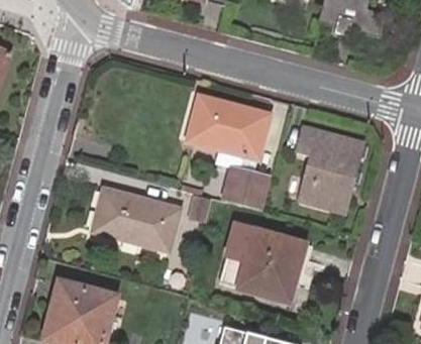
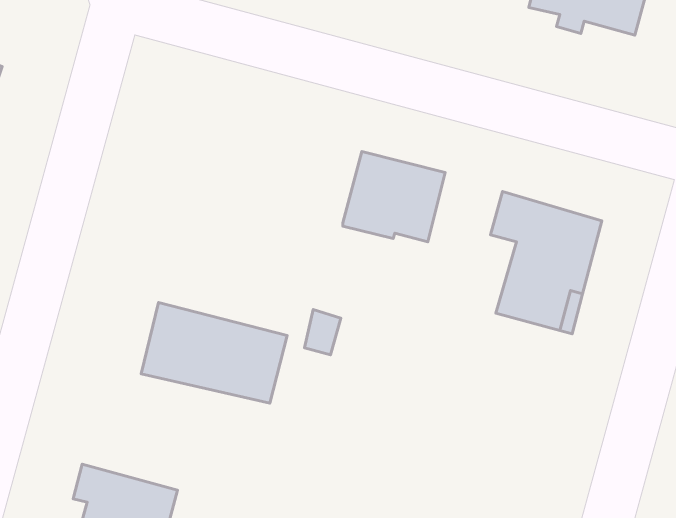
building: [189,96,222,143] -> none
building: [225,168,271,208] -> none
building: [218,226,304,303] -> none

